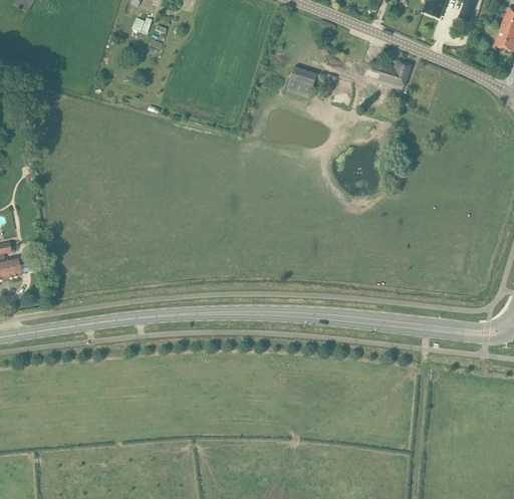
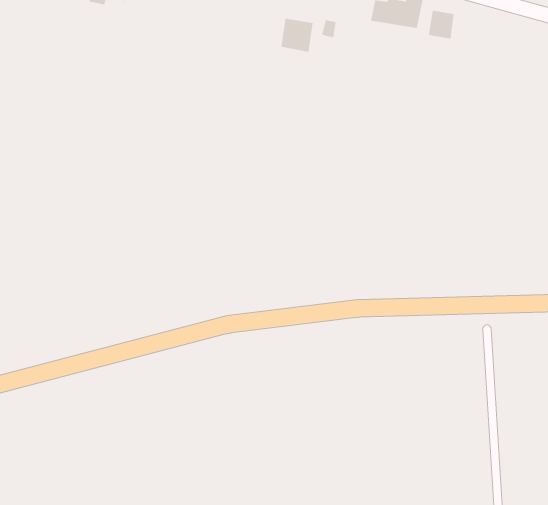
building: none -> [428,10,454,40]

